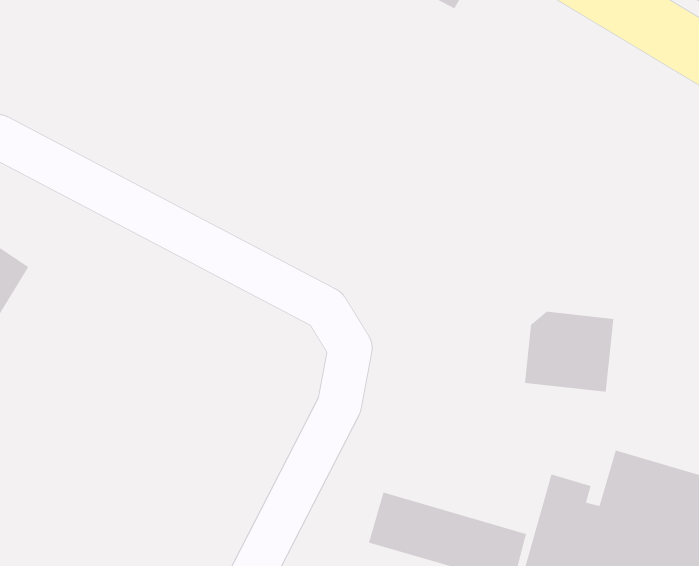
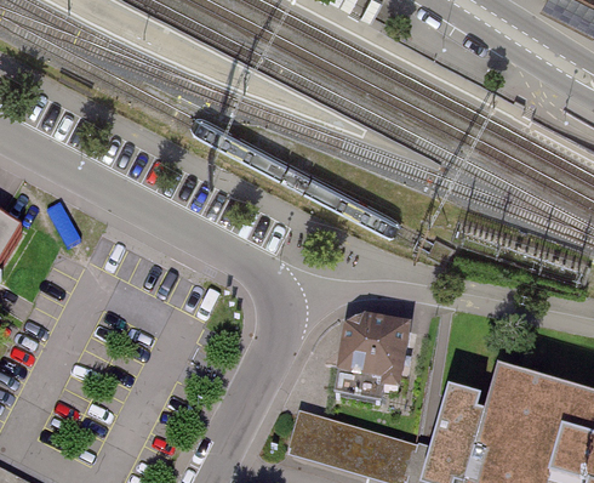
building: [524,311,614,392] -> [333,316,406,381]

